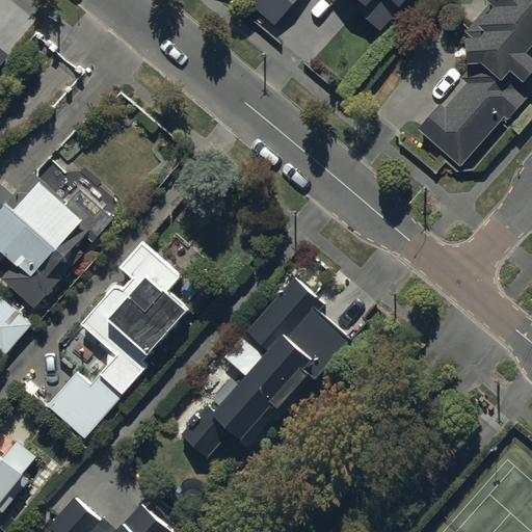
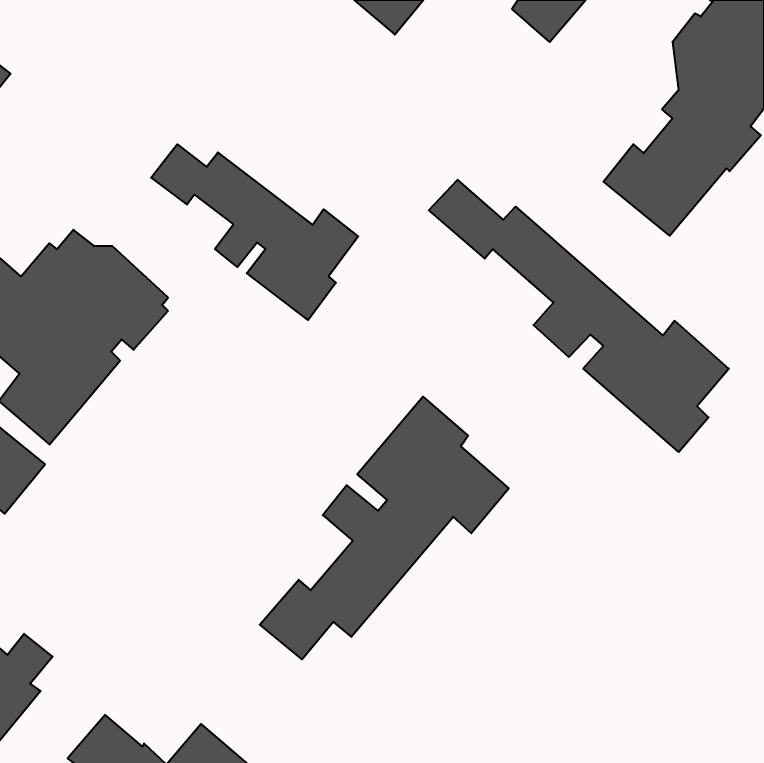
building: none -> [151,144,358,320]
building: none -> [429,180,729,452]
building: [45,239,203,440] -> none

